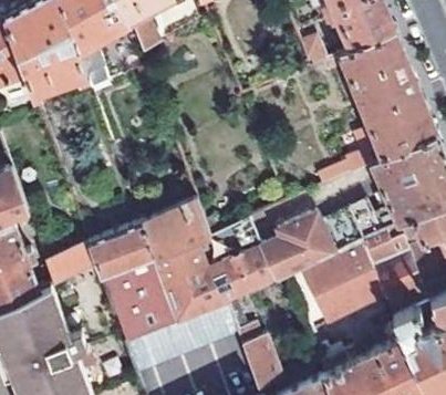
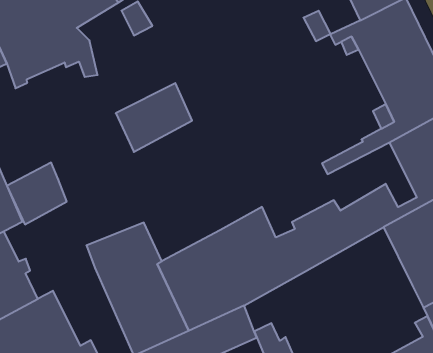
building: [143,206,212,267] -> [116,83,192,152]
building: [41,232,95,288] -> [7,163,67,224]
building: [288,248,386,339] -> none

